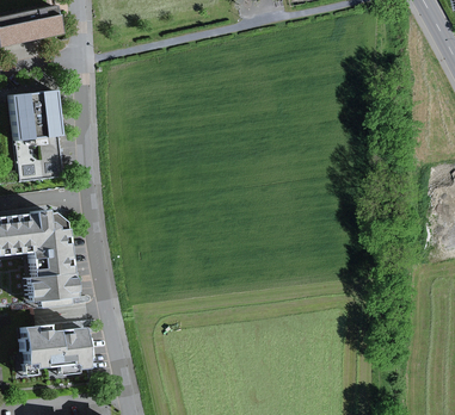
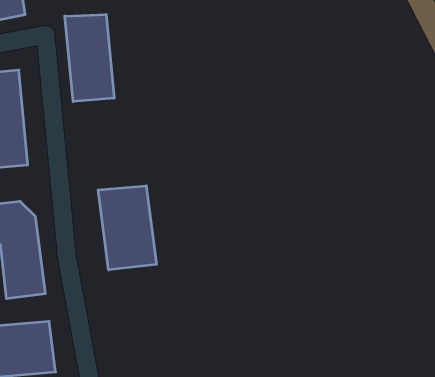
building: none -> [65,14,114,102]
building: none -> [98,186,156,270]

